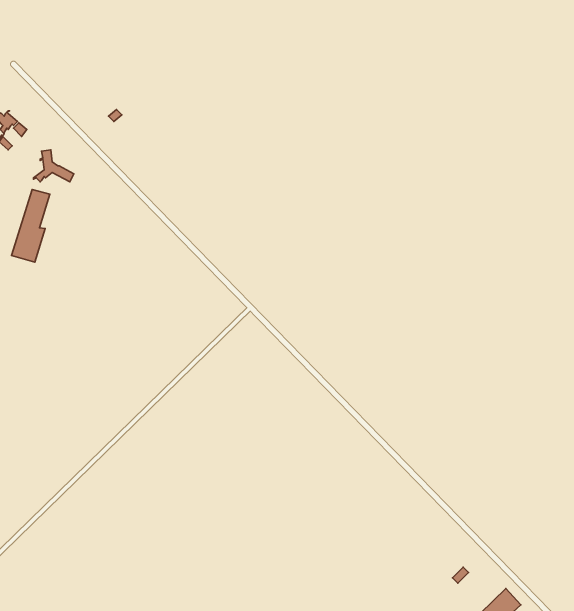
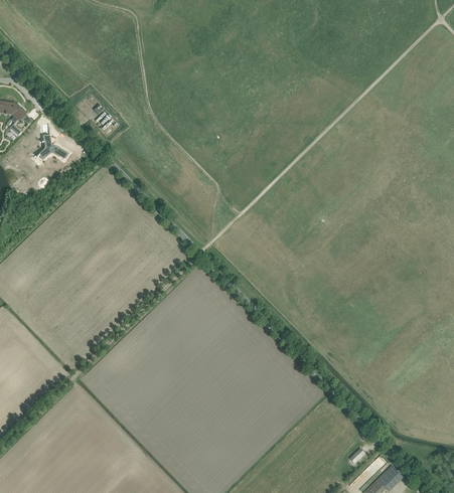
building: [11,190,50,262] -> none

